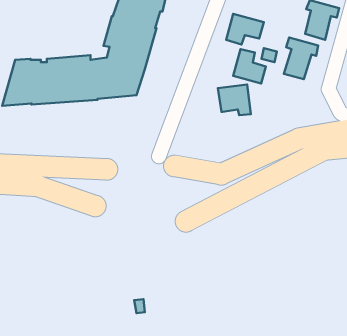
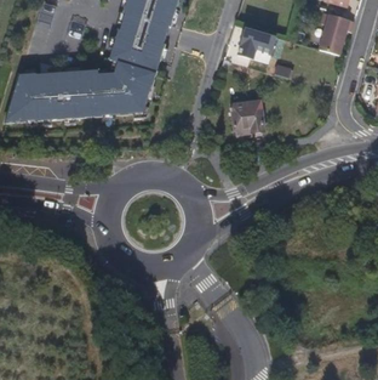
building: [284,37,318,79] -> none
building: [233,49,266,84] -> none

